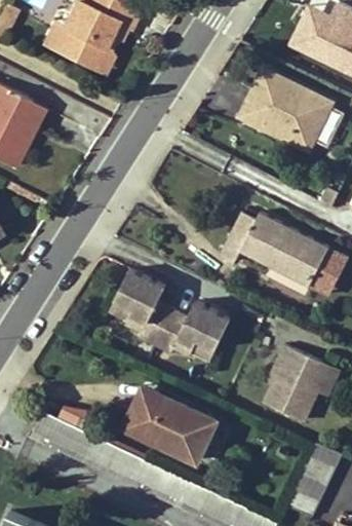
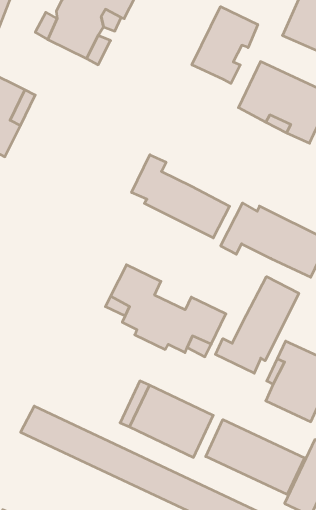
building: none -> [192,7,258,83]
building: none -> [132,155,230,238]
building: none -> [215,277,299,373]
building: none -> [206,420,305,495]

